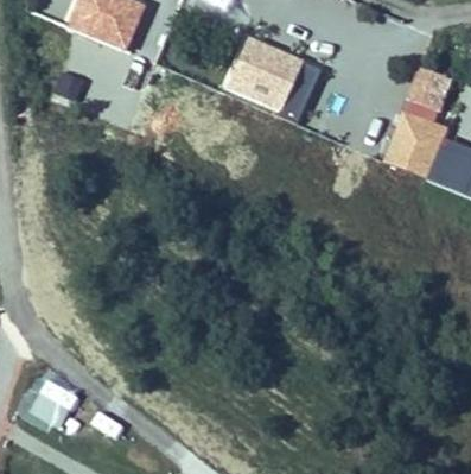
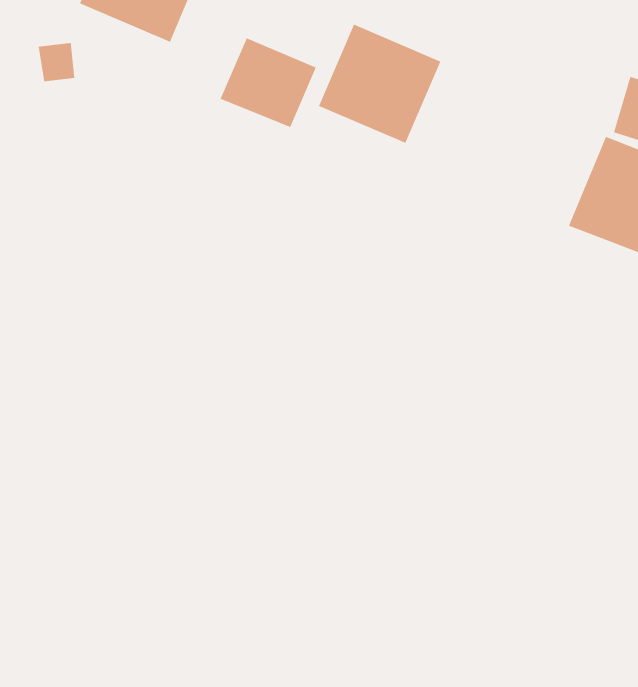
building: none -> [220,38,316,128]

